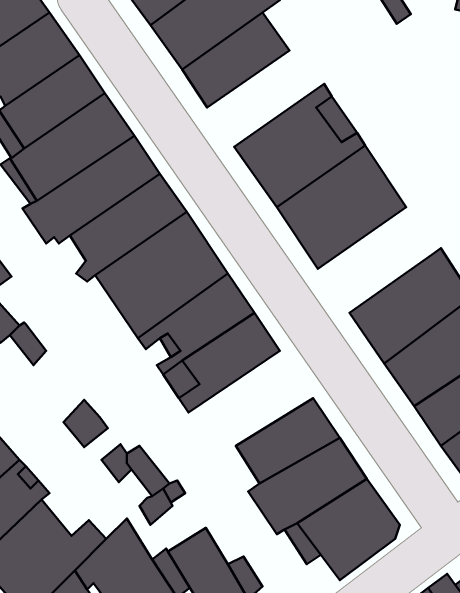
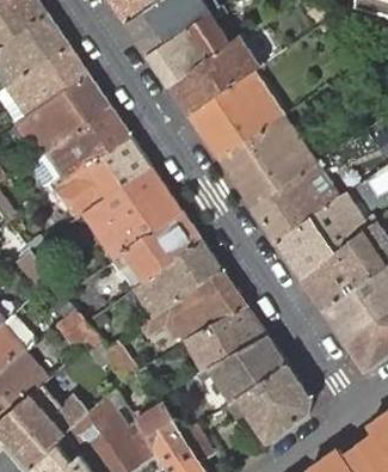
building: none -> [167,35,263,116]
building: none -> [251,158,339,241]
building: none -> [140,270,247,344]

